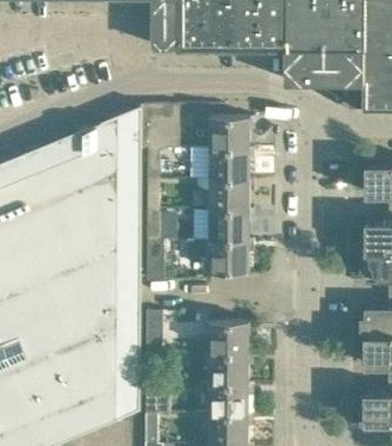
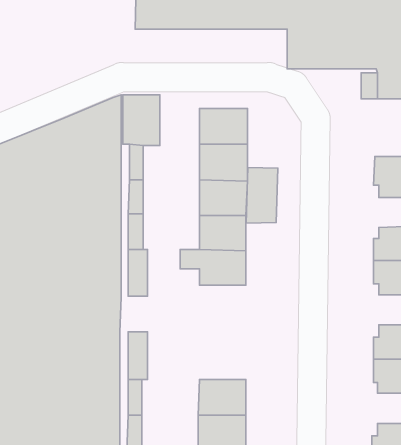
building: none -> [246,167,278,223]
building: [209,321,249,353] -> none

